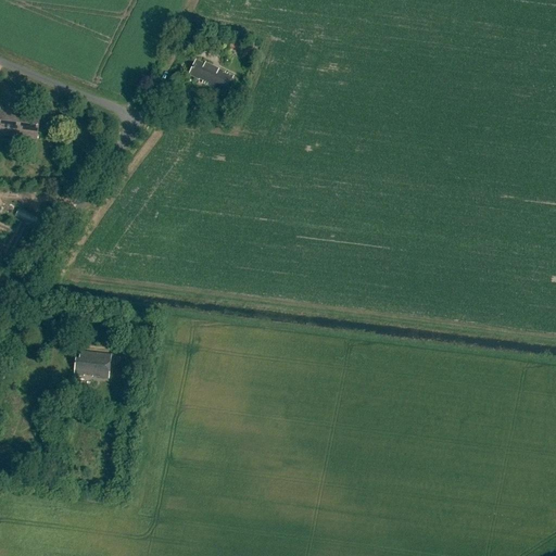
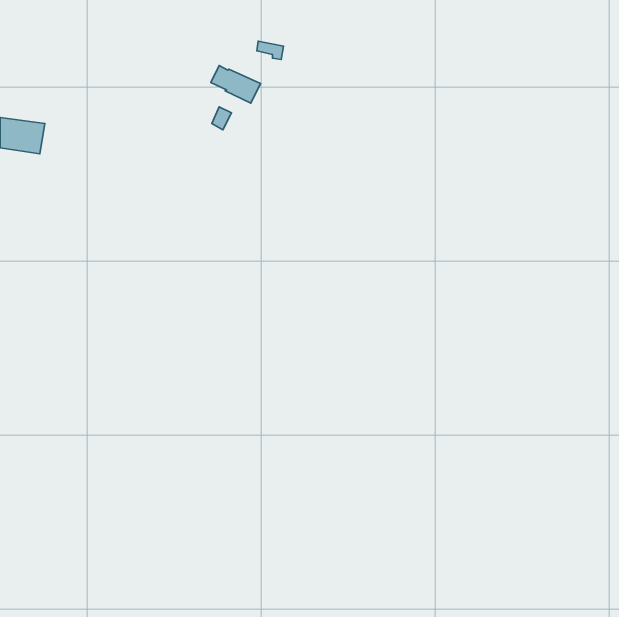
building: [73,351,111,377] -> none

